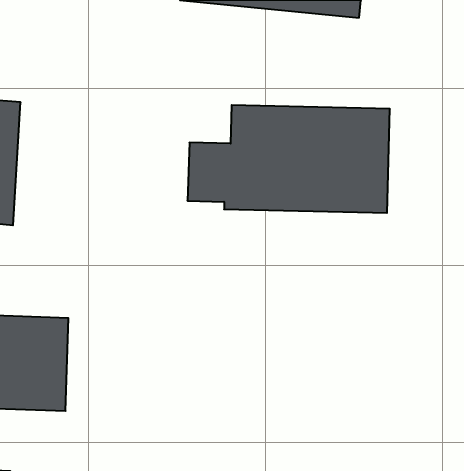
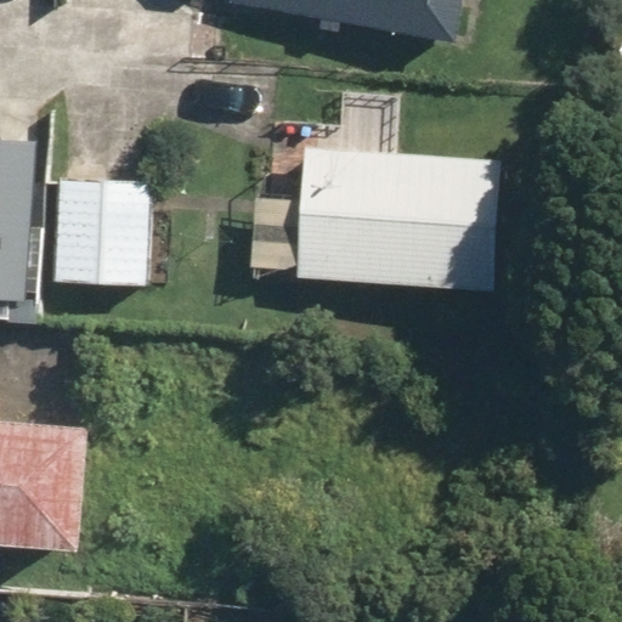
building: none -> [43,183,148,287]

